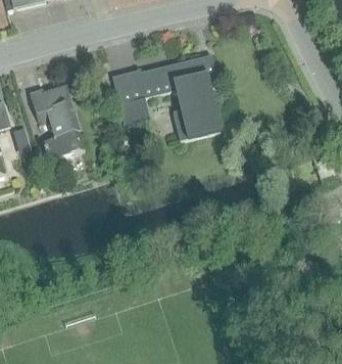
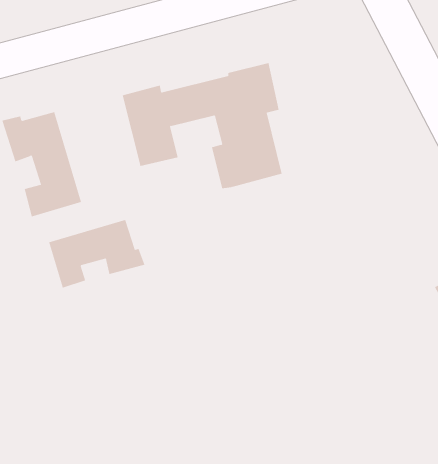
building: none -> [49,219,145,289]

